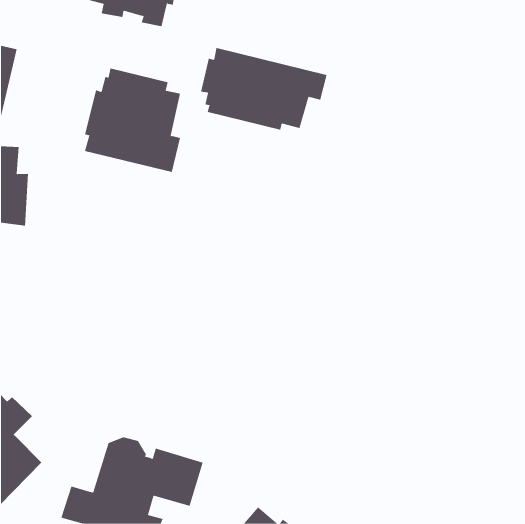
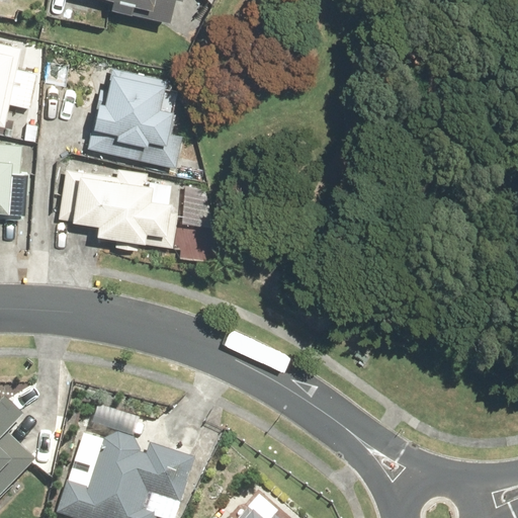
building: [201,47,327,131] -> none
building: none -> [56,169,173,249]

